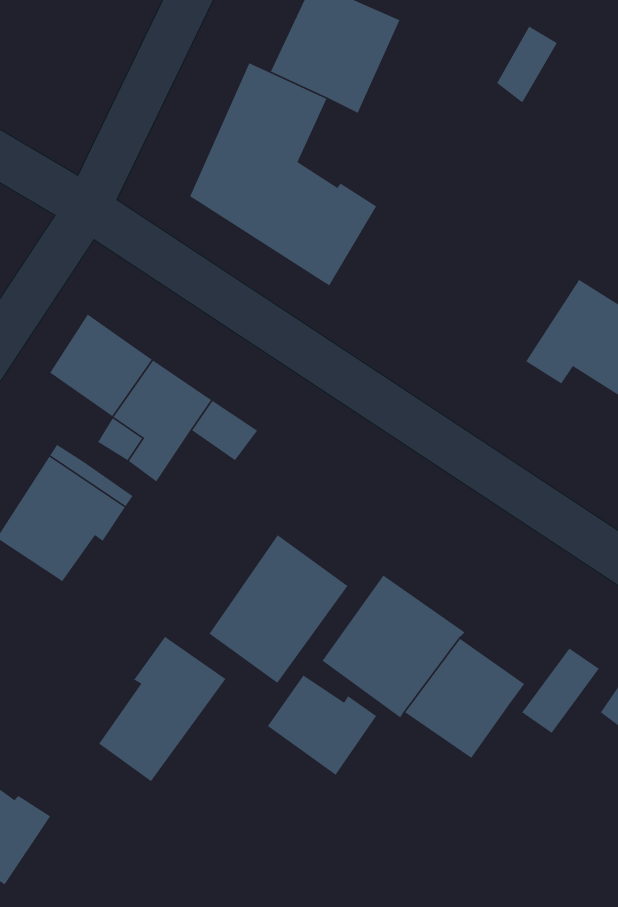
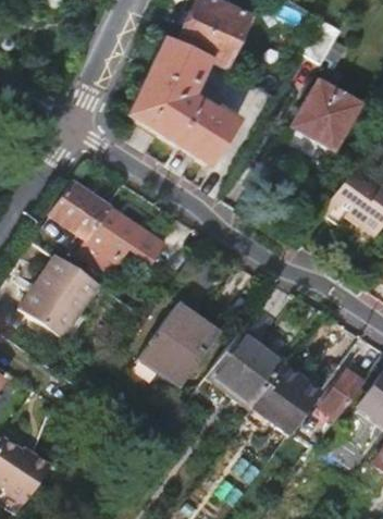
building: none -> [292,78,360,149]
building: [98,636,226,782] -> none
building: [267,675,377,776] -> none

